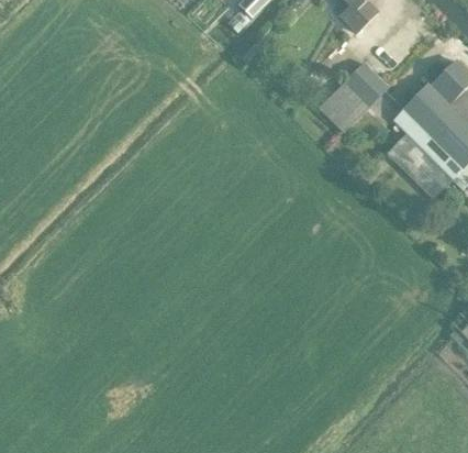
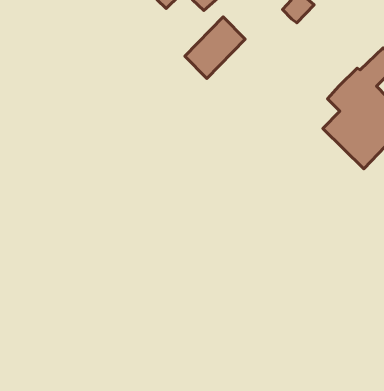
building: [320,60,389,131] -> [185,17,245,78]

